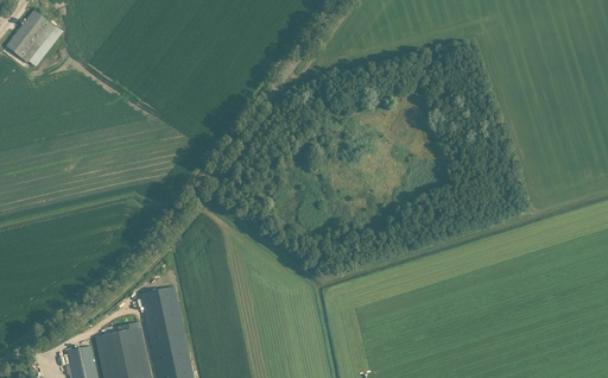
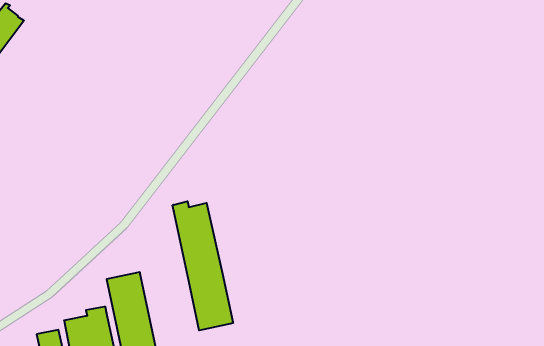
building: none -> [173,201,233,330]

